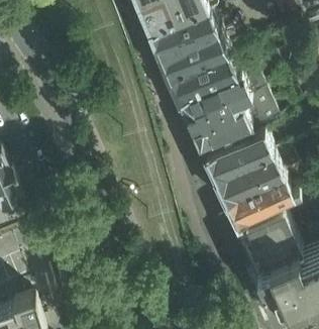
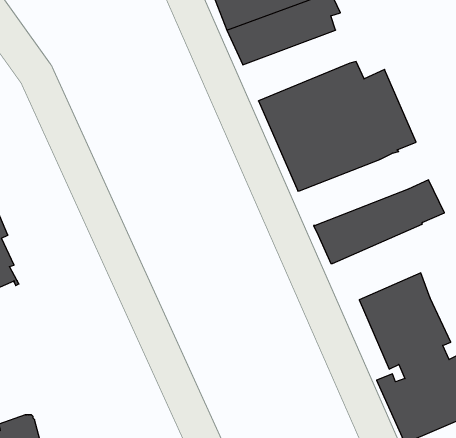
building: [164,47,232,93] -> none
building: [200,126,270,173] -> none
building: [221,172,288,219] -> none

